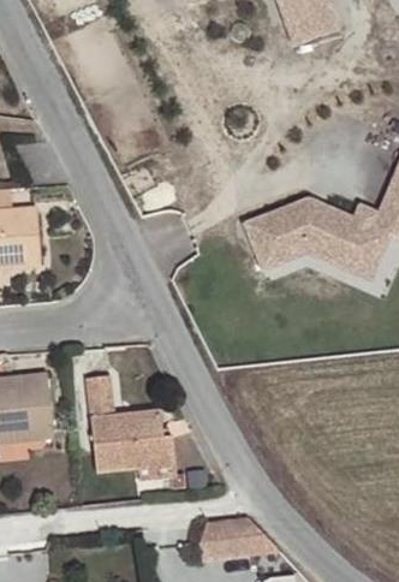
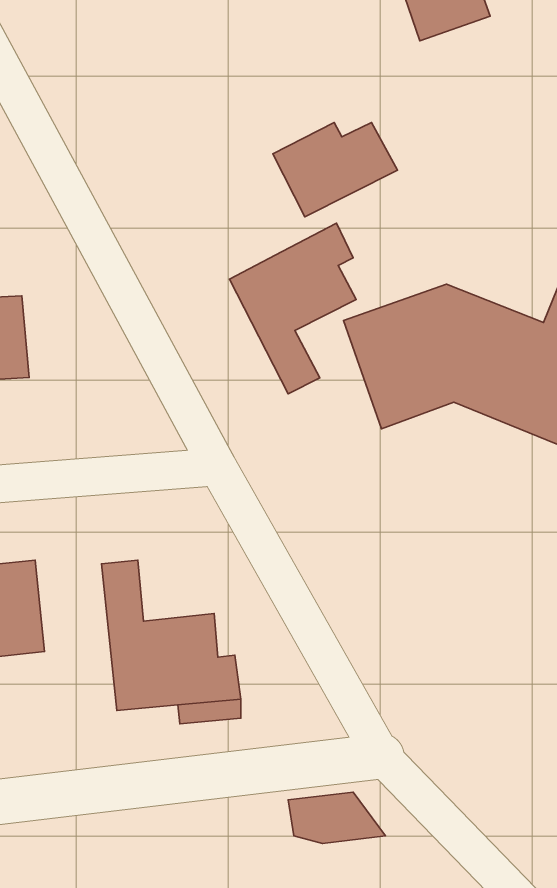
building: none -> [273,123,397,217]
building: none -> [229,223,356,394]

